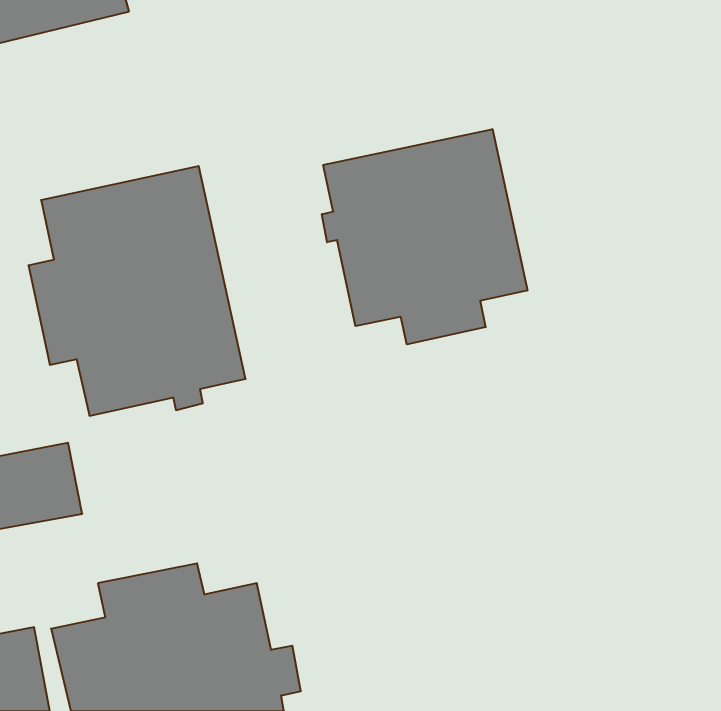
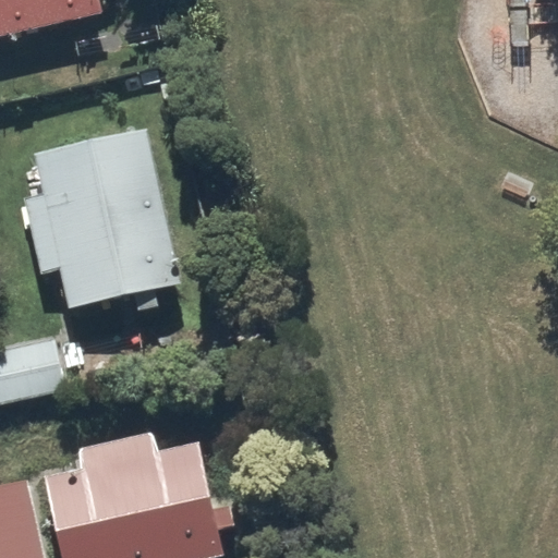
building: [322,129,527,344] -> none

